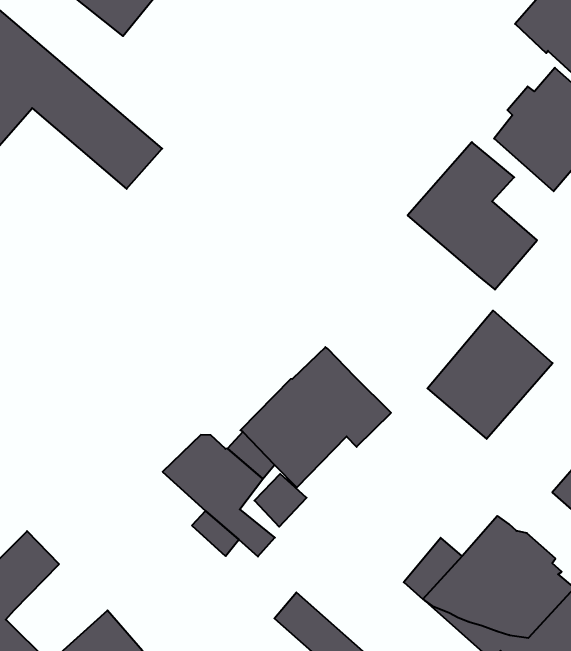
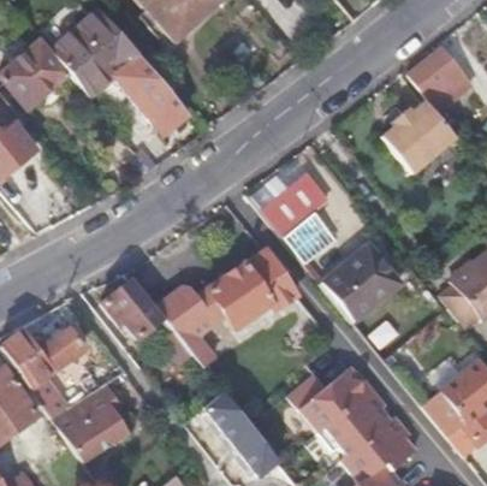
building: [408,142,537,290] -> [261,173,335,263]
building: none -> [102,281,161,338]

